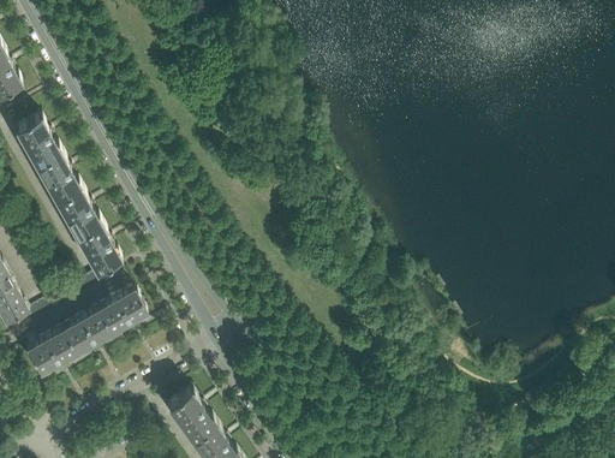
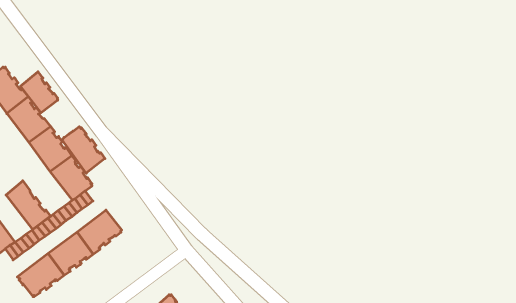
building: none -> [21,72,58,113]
building: none -> [62,127,105,173]
building: none -> [6,181,51,230]

